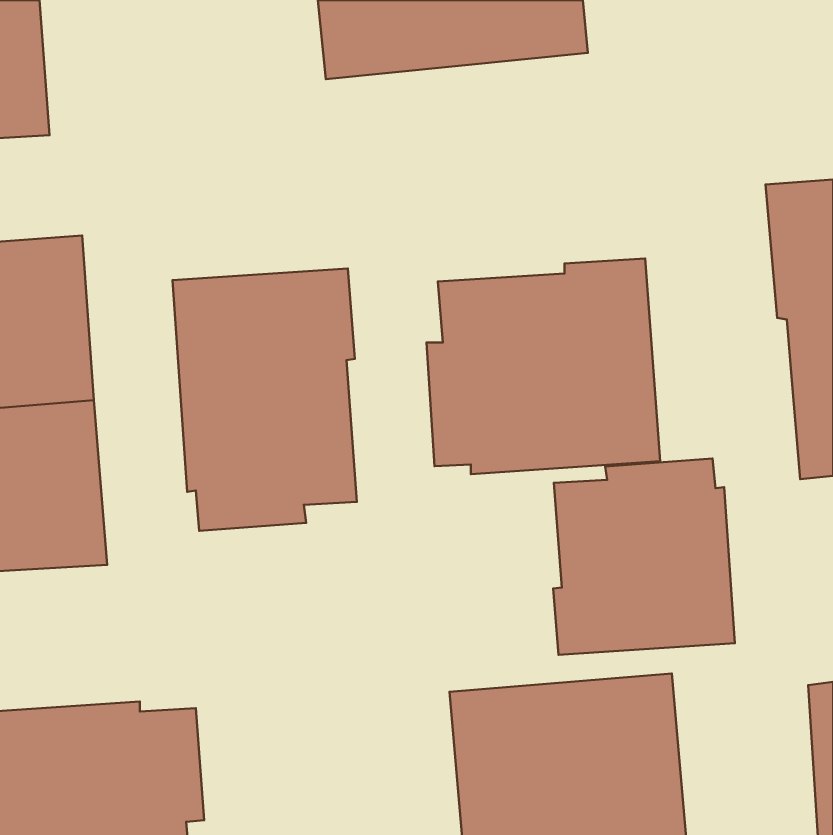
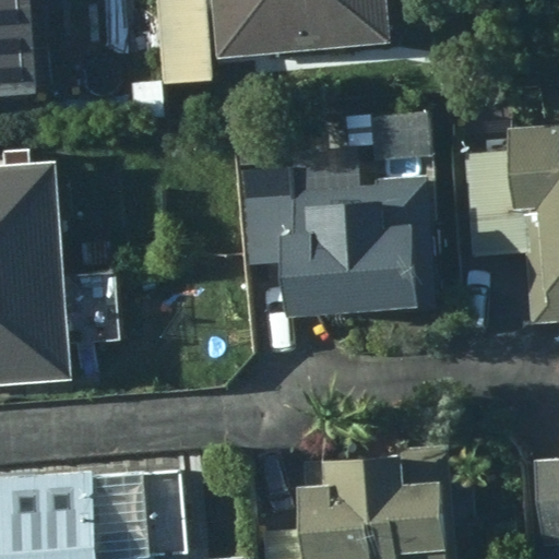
building: [173,269,357,531] -> none
building: [553,459,735,655] -> none

